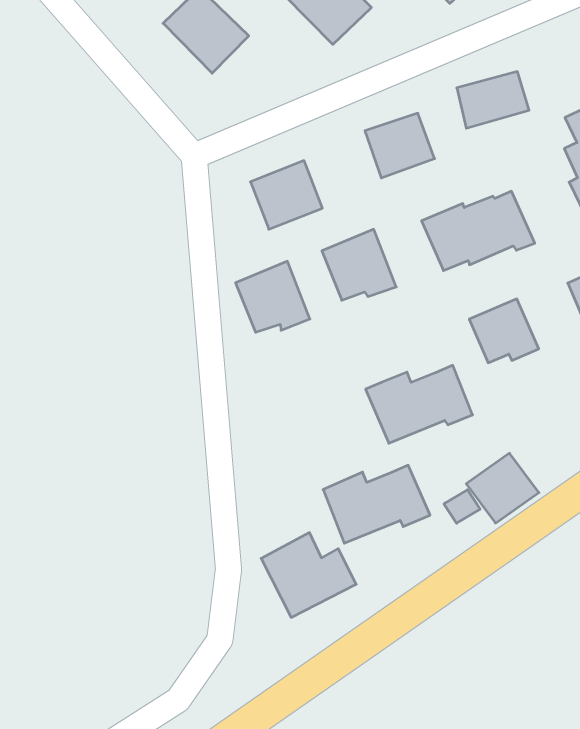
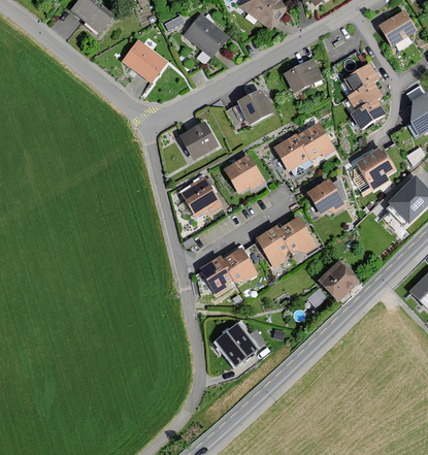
building: [323,465,430,543] -> [199,248,258,294]

